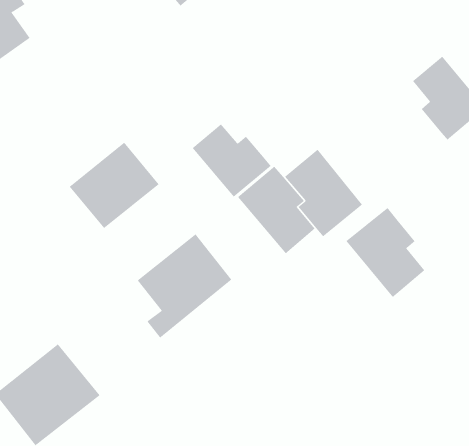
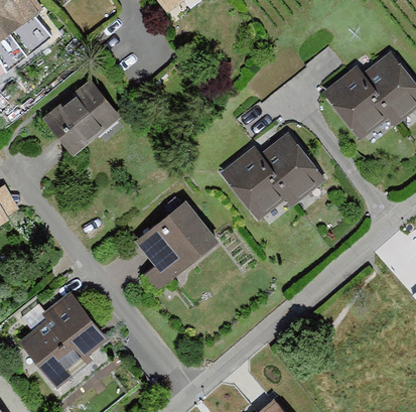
building: [192,123,271,198] -> none
building: [69,142,159,229] -> [43,84,119,156]
building: [345,207,425,298] -> [321,64,388,140]

